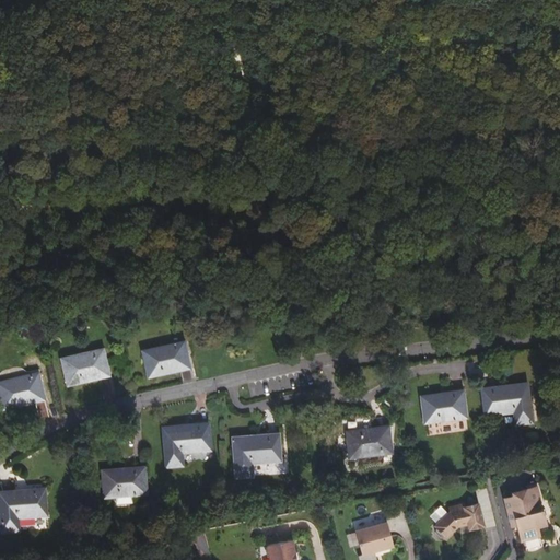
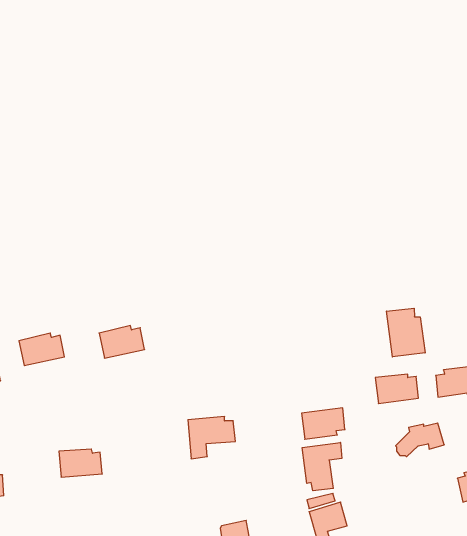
building: none -> [387,308,425,357]
building: [163,424,210,466] -> none
building: none -> [302,442,342,491]
building: [434,502,483,536] -> [396,423,444,457]

